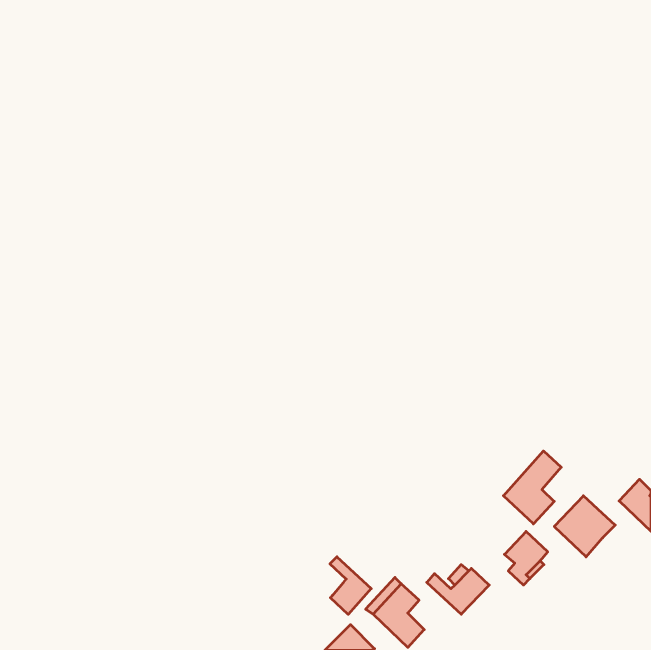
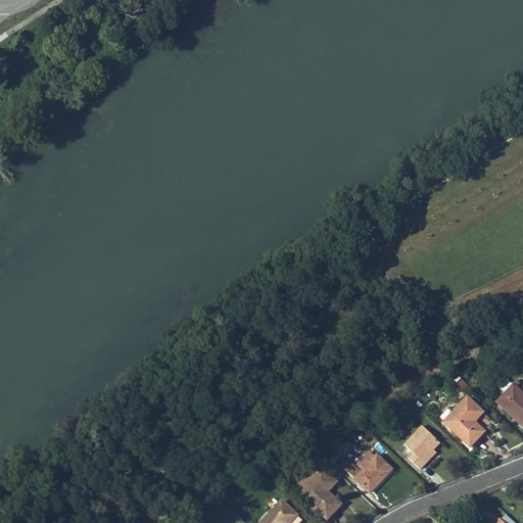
building: [503,451,561,524] -> none
building: [330,557,371,614] -> none

